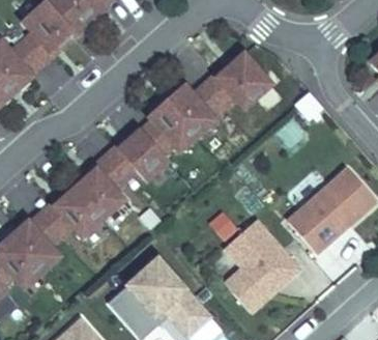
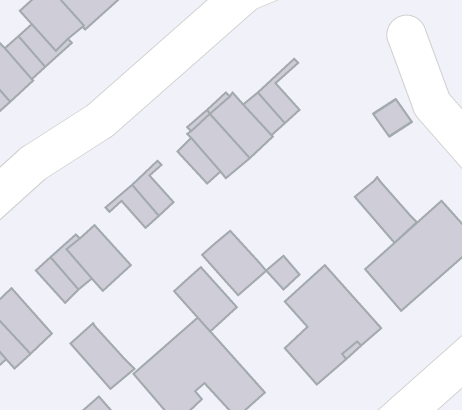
building: [217,53,270,107] -> none
building: [120,130,170,179] -> [202,231,266,295]
building: none -> [355,177,417,243]
building: [78,168,126,218] -> [174,267,237,331]
building: [13,220,63,271] -> [70,323,135,389]

